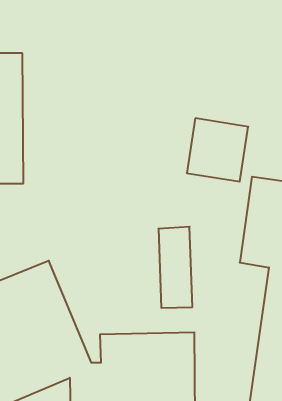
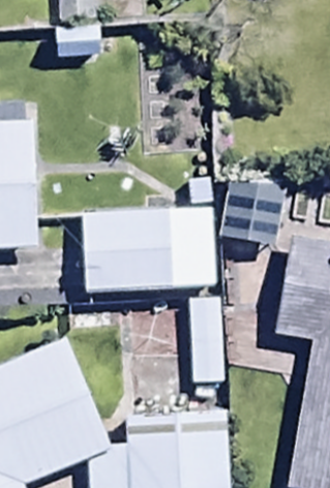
building: none -> [82,207,214,293]

